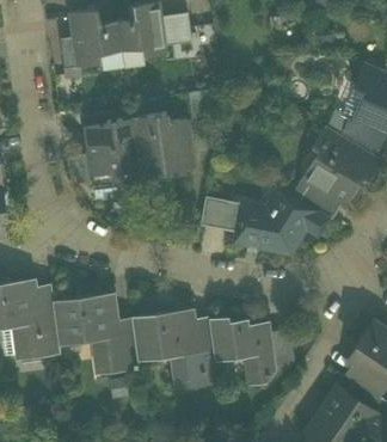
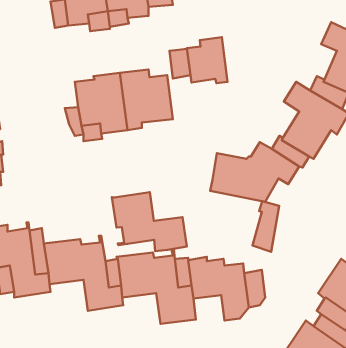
building: none -> [187,37,228,83]
building: [201,196,240,232] -> none
building: none -> [112,192,187,251]
building: none -> [252,201,279,252]

